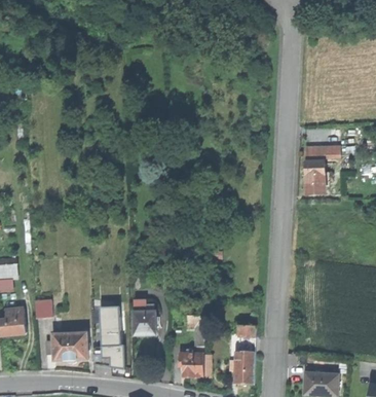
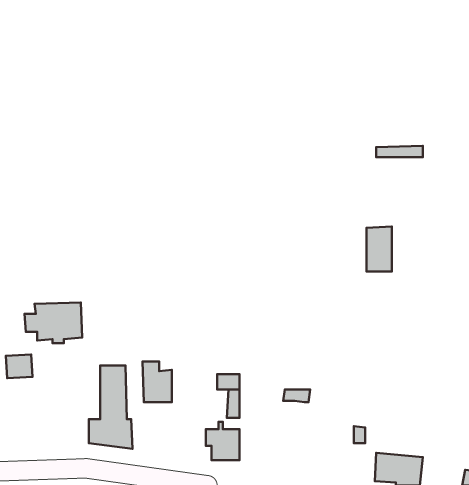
building: [305,161,324,194] -> [366,227,392,272]
building: [46,332,88,362] -> [24,302,82,343]
building: [234,352,254,384] -> none

